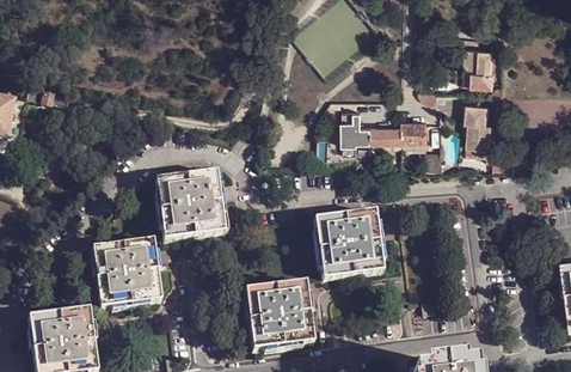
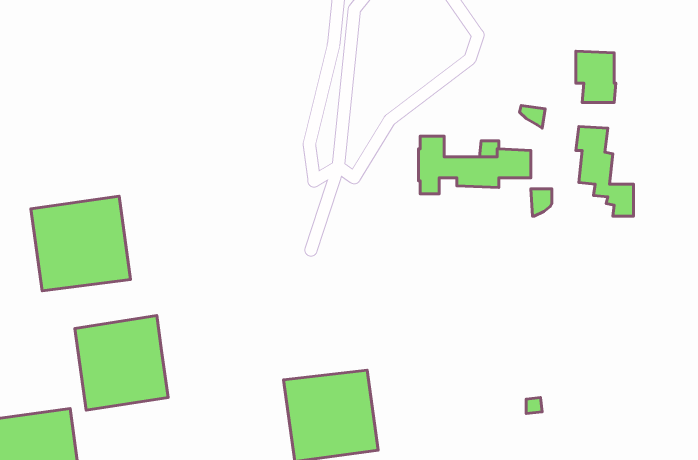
building: [154,170,228,240] -> [31,196,130,291]
building: [318,209,387,278] -> none

